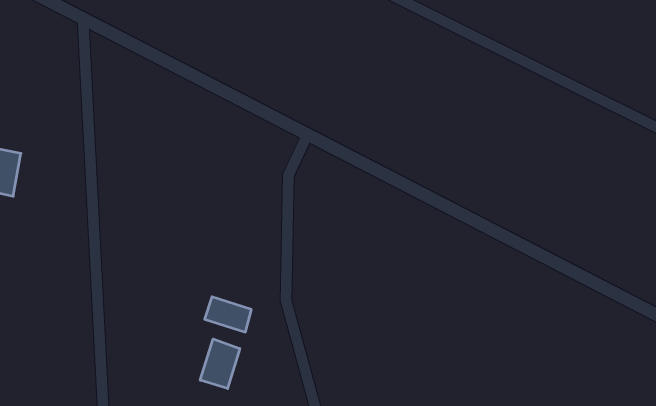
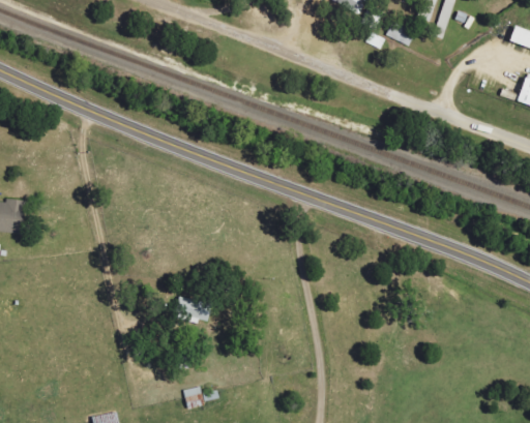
building: [200,339,240,389] -> none

